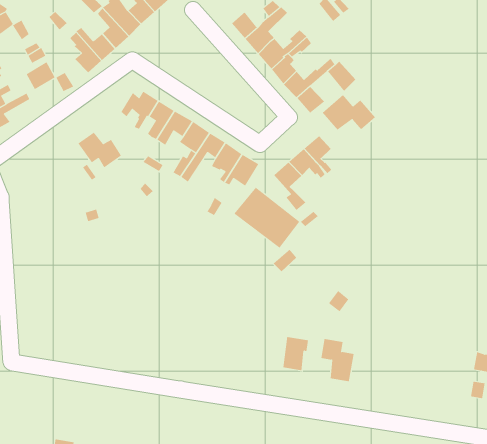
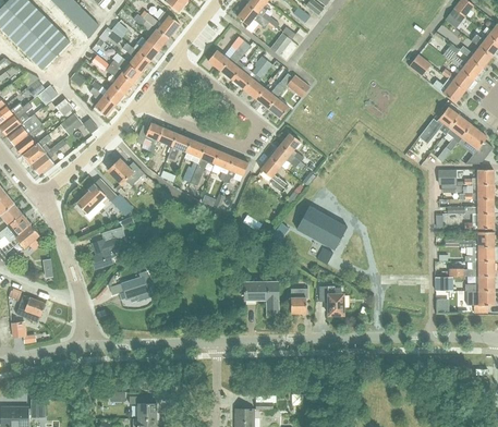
building: [322,94,376,130] -> none
building: none -> [76,179,117,220]
building: [234,187,300,249] -> [295,206,347,249]
building: none -> [92,228,124,268]
building: none -> [110,270,155,301]
building: none -> [245,282,277,313]

